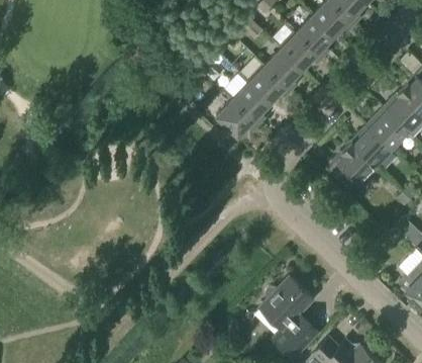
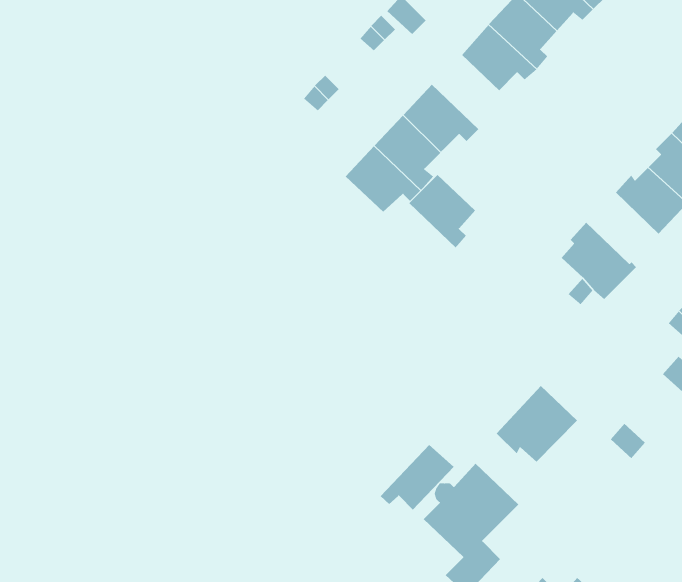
building: [265,50,302,91] -> [409,174,476,249]
building: [350,126,391,166] -> none
building: none -> [496,385,578,463]
building: none -> [380,444,454,511]

